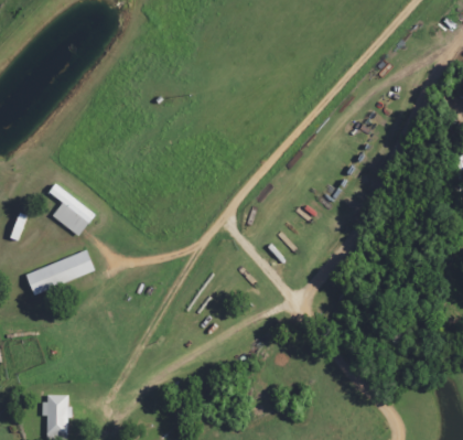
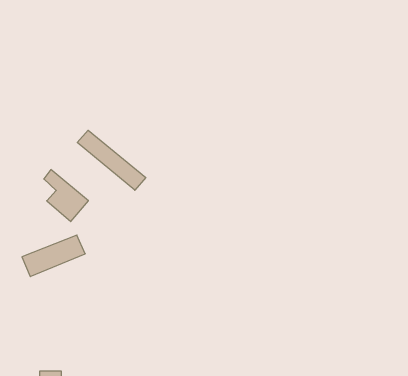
building: none -> [77,130,146,190]

